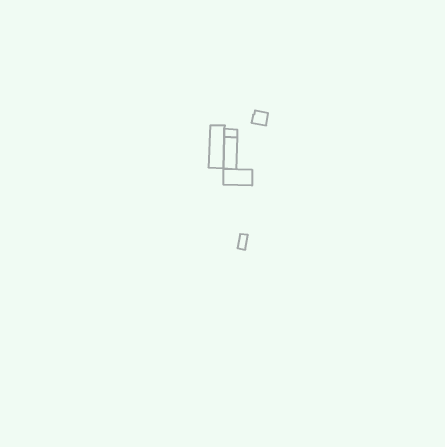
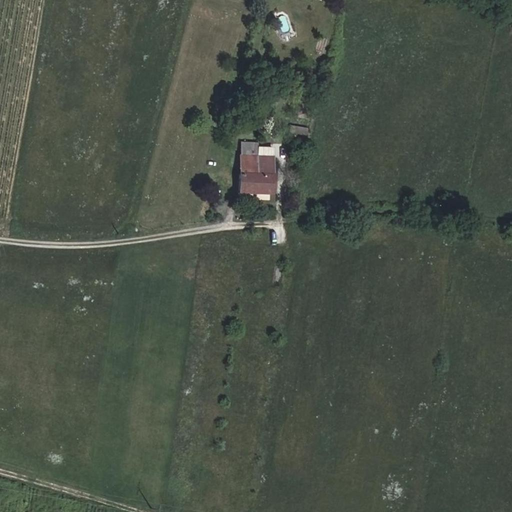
building: [223,169,252,186] -> none

